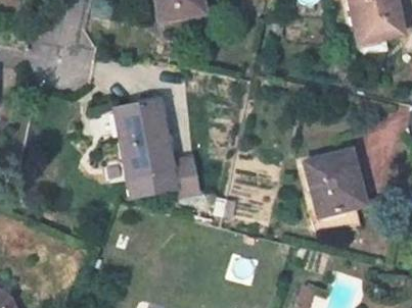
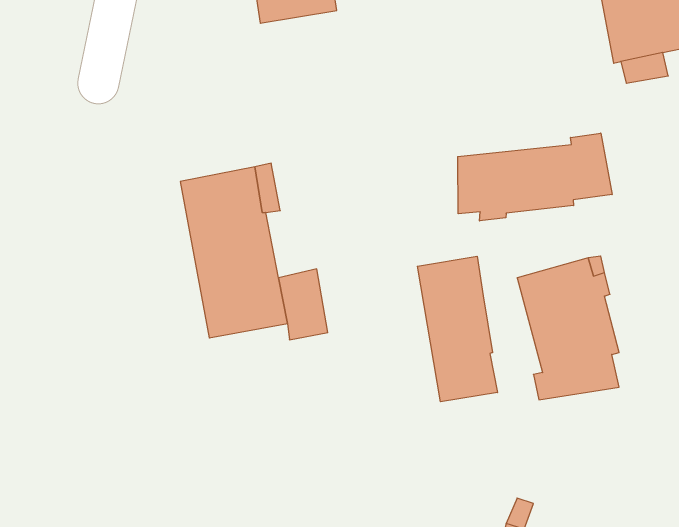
building: none -> [458,133,612,221]
building: none -> [417,256,497,402]

